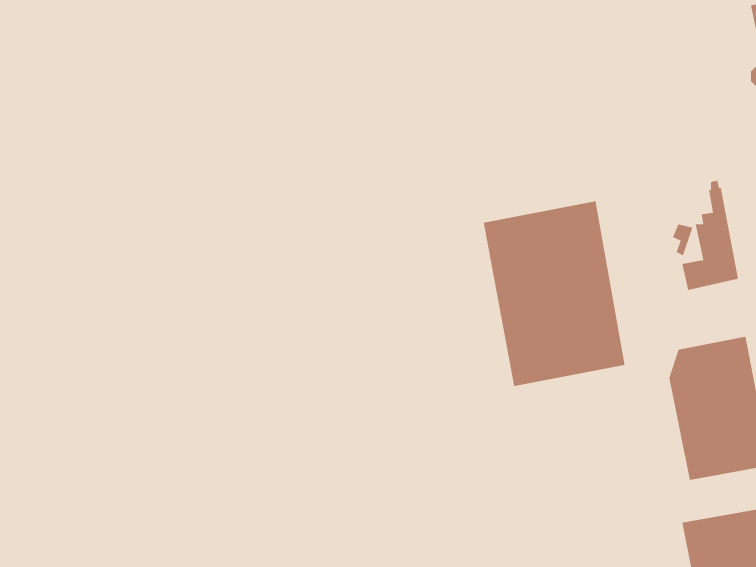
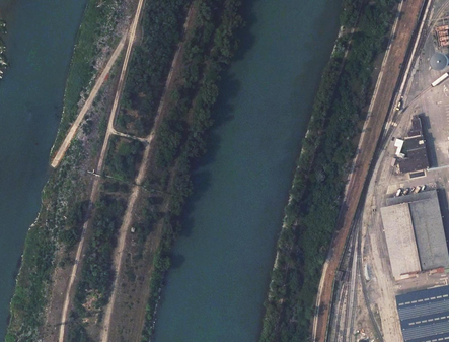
building: [483,200,625,387] -> none

